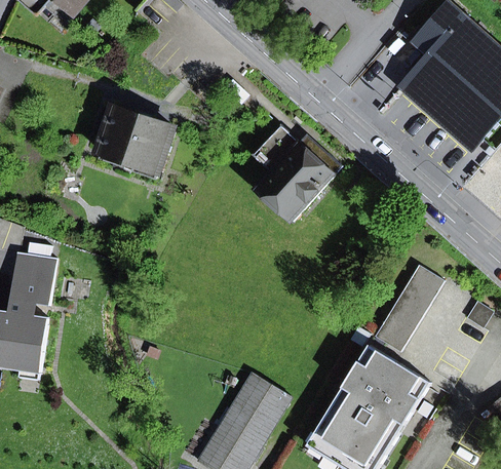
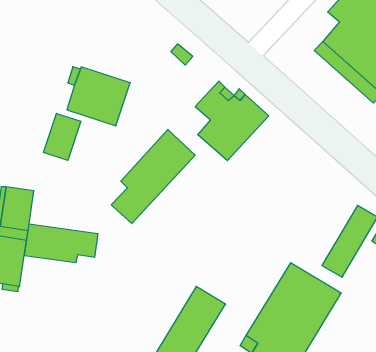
building: none -> [44,113,81,160]
building: none -> [111,129,195,224]
building: [374,264,444,351] -> none
building: none -> [24,224,98,263]

